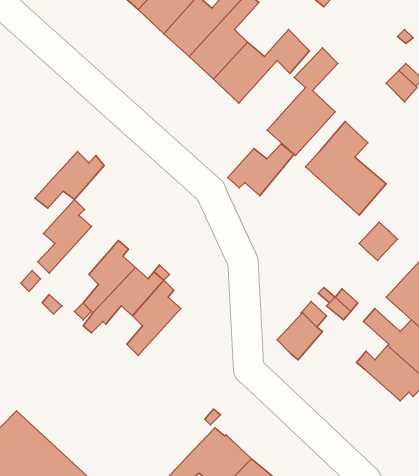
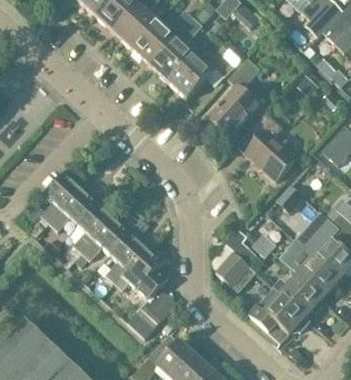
building: [228,144,294,196] -> none
building: [35,151,104,208] -> [50,189,100,230]
building: none -> [115,249,167,300]
building: none -> [246,288,310,347]
building: none -> [128,305,161,339]

